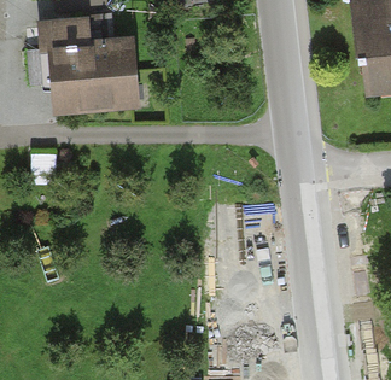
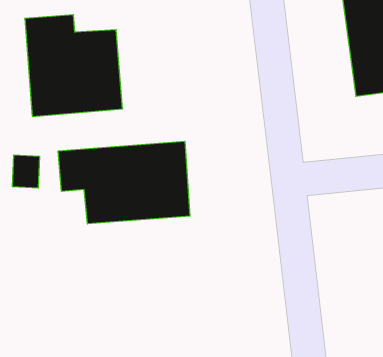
building: none -> [58,141,190,224]

